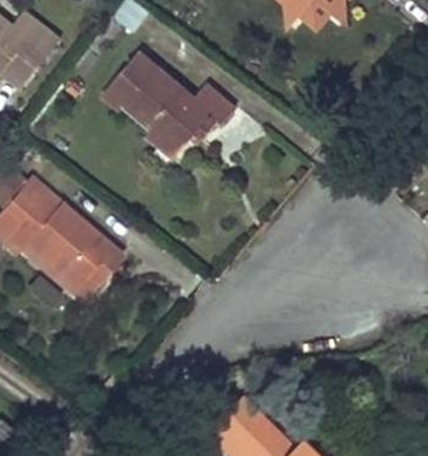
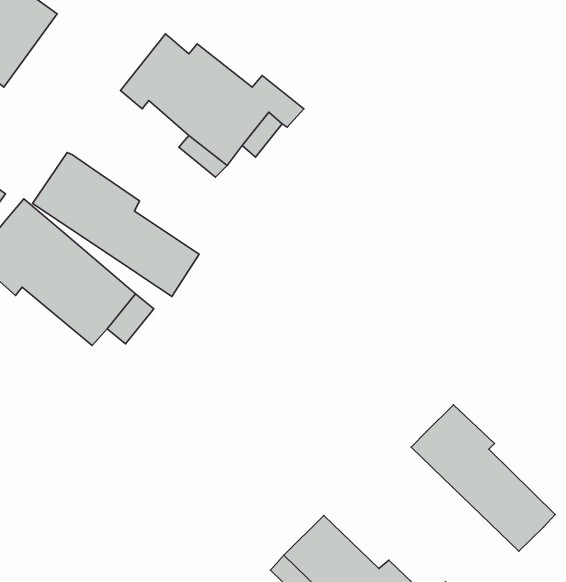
building: none -> [33,152,199,296]
building: none -> [411,405,555,551]

